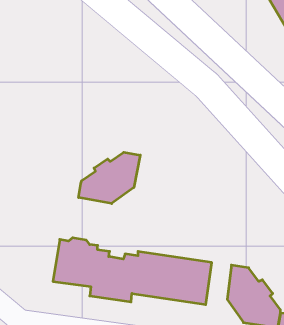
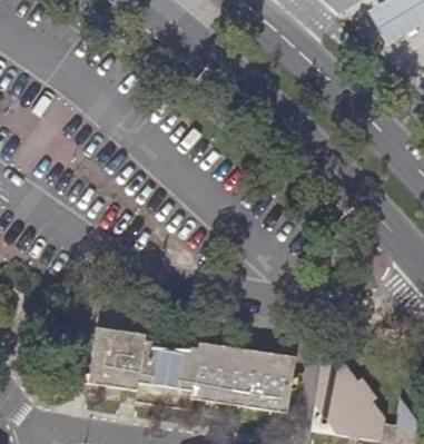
building: [79,152,140,204] -> none

